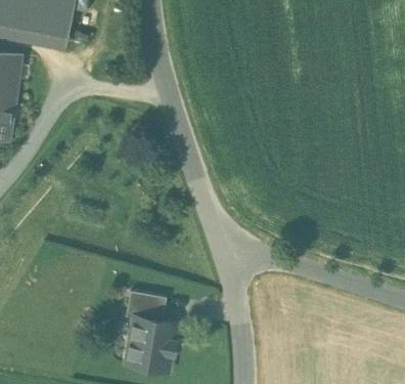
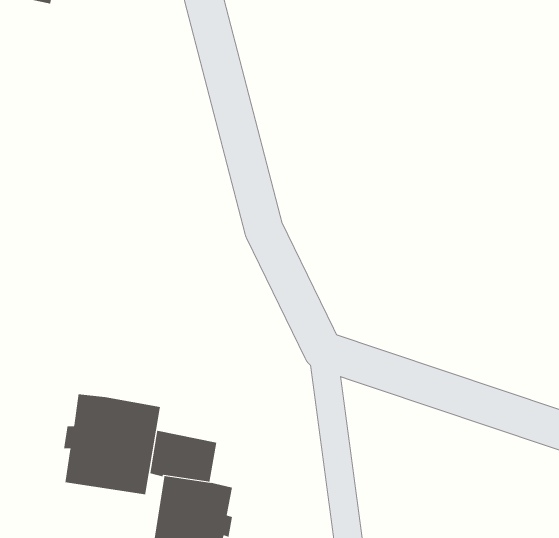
building: none -> [63,394,161,495]

